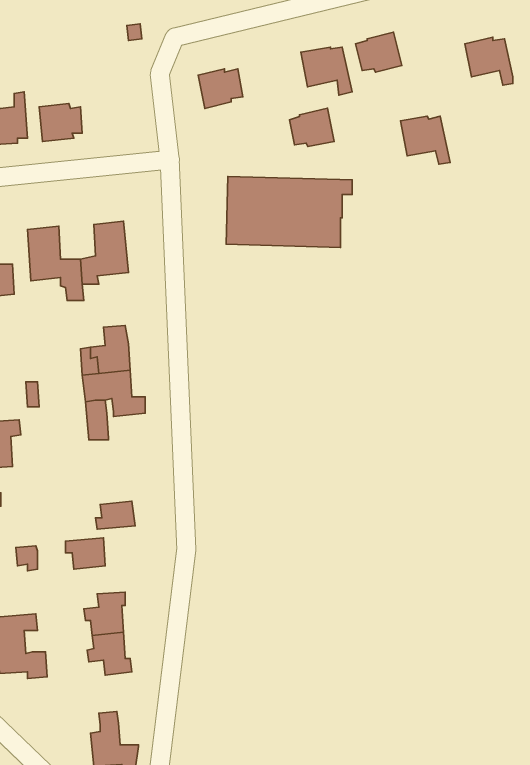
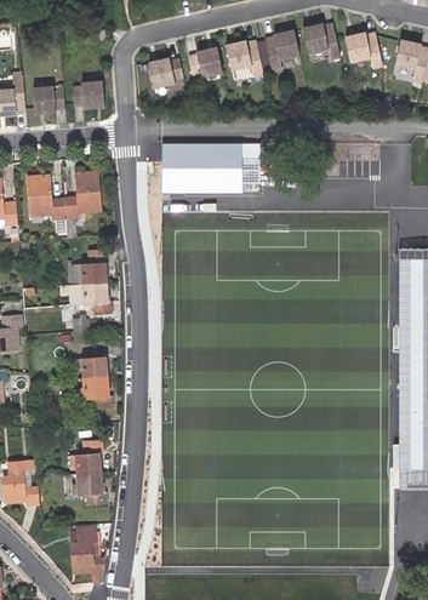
building: none -> [73,79,104,107]
building: [289,108,334,146] -> [189,50,222,78]
building: [401,116,450,164] -> [303,27,339,62]
building: [65,538,105,569] -> [73,355,102,378]

